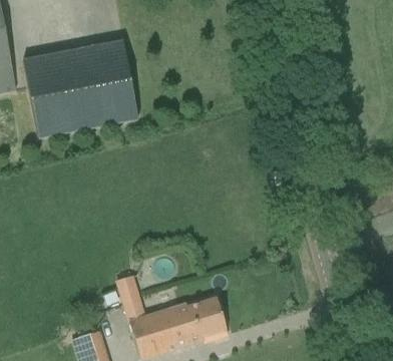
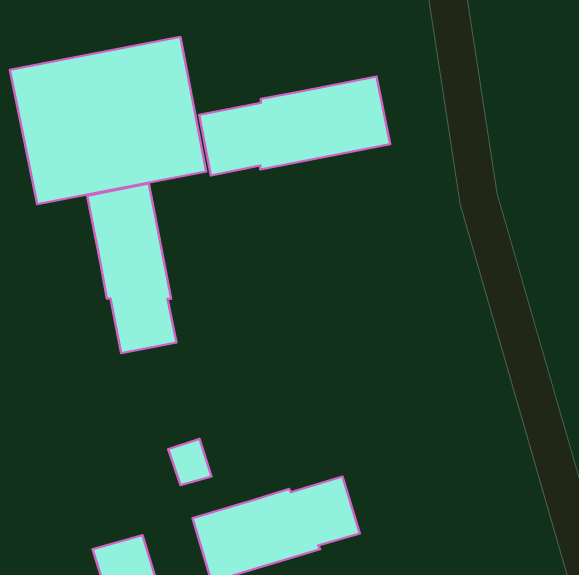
building: none -> [199,77,390,175]
building: none -> [87,184,176,353]

